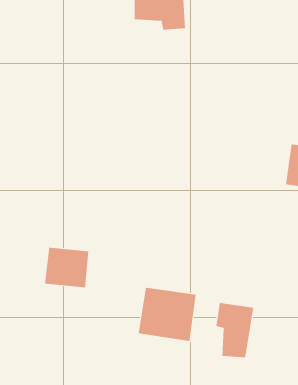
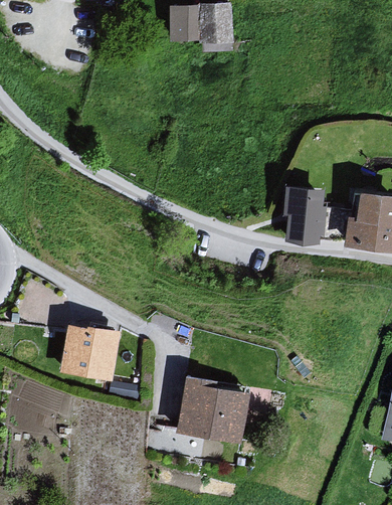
building: none -> [292,192,328,241]
building: [216,302,254,358] -> none

